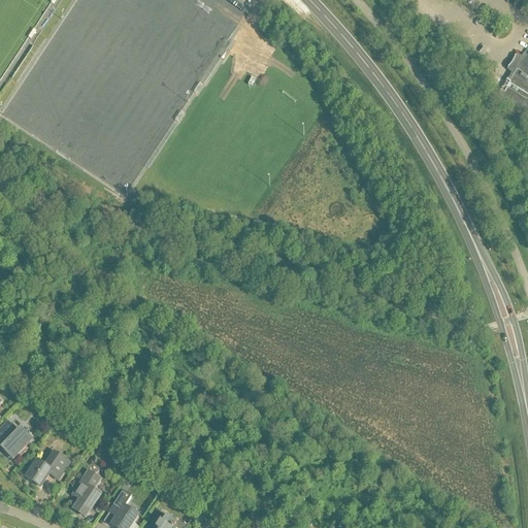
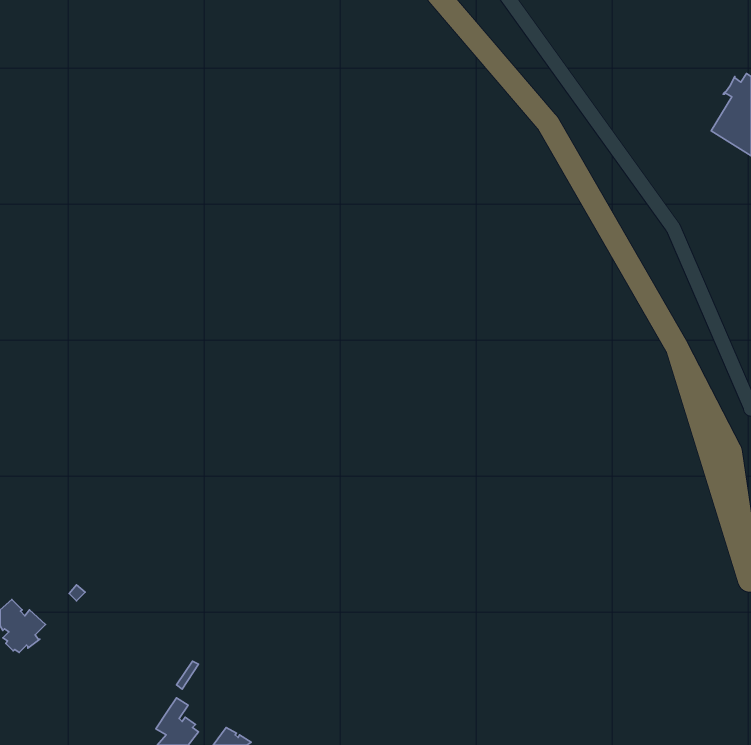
building: [25,451,70,487] -> none
building: [74,469,100,516] -> none

